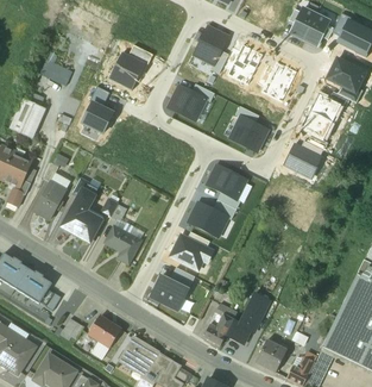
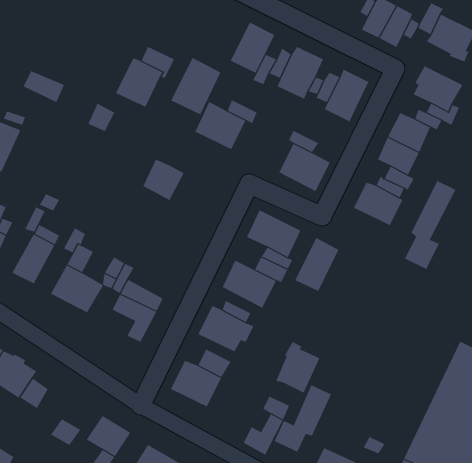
building: none -> [170,57,221,115]
building: [82,102,113,133] -> [142,159,185,201]
building: none -> [404,180,456,270]
building: none -> [294,237,339,292]
building: none -> [275,341,320,393]

